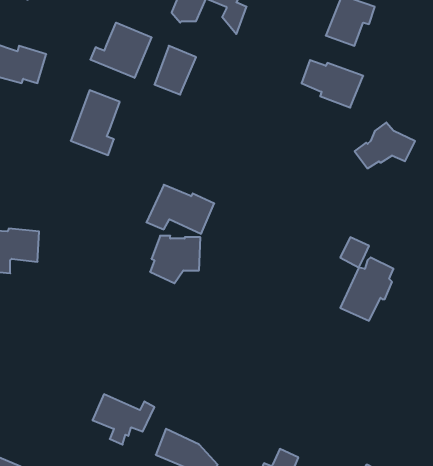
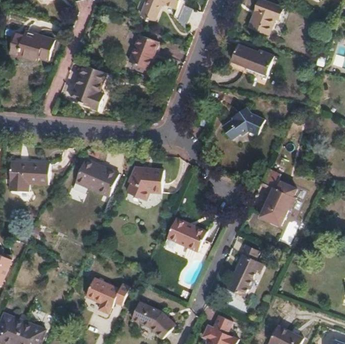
building: [90,23,152,78] -> none
building: [355,122,415,168] -> [221,107,263,139]
building: [146,185,214,234] -> [70,161,117,195]
building: none -> [161,216,205,253]
building: none -> [226,245,261,295]

